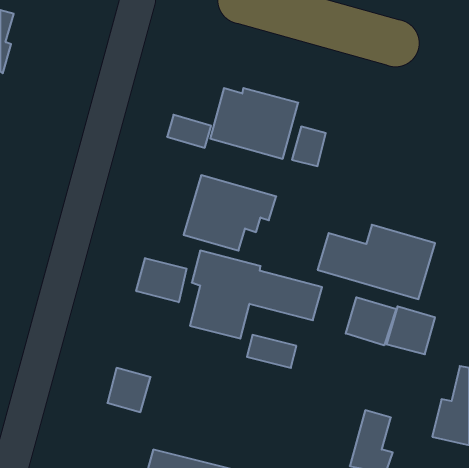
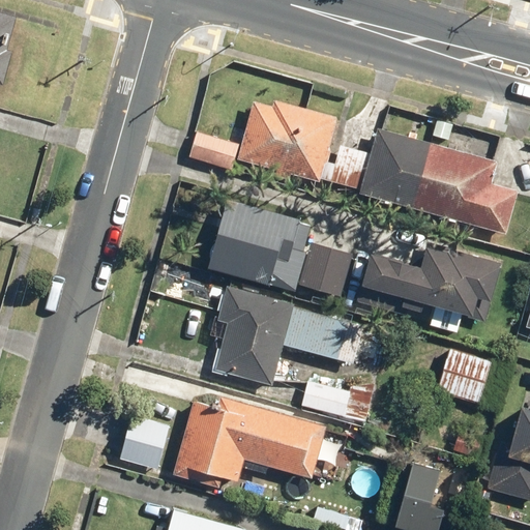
building: none -> [359,126,516,232]
building: none -> [310,256,354,303]
building: [136,258,187,302] -> none
building: [346,297,396,345] -> none
building: none -> [175,399,321,489]

